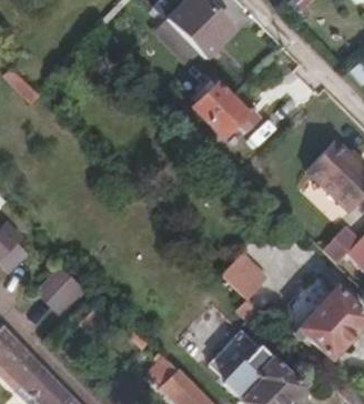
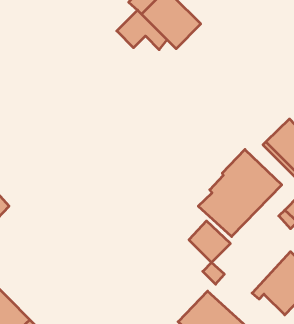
building: [192,82,256,134] -> none
building: none -> [198,149,282,237]
building: [40,275,84,321] -> none

